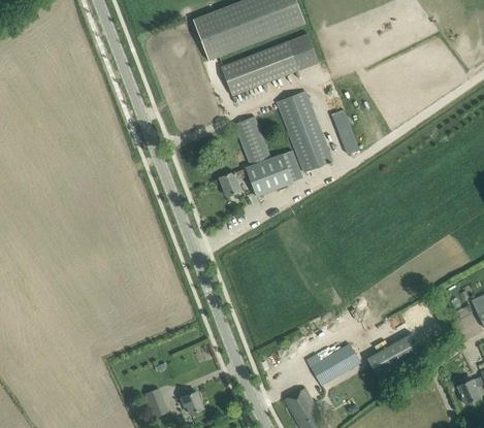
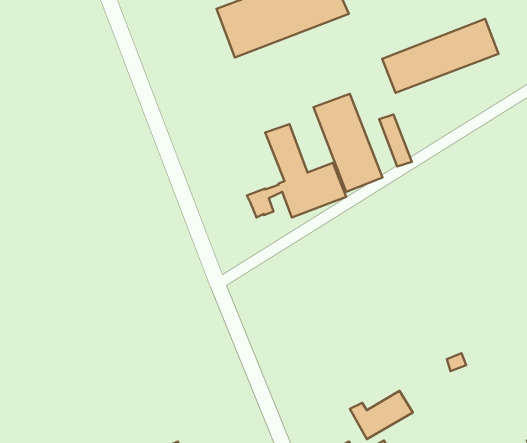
building: [221,32,320,95] -> [382,19,498,93]
building: [367,332,422,375] -> none

